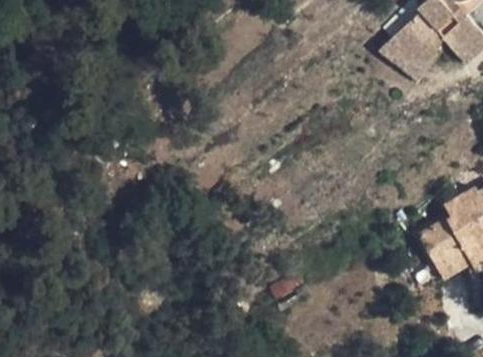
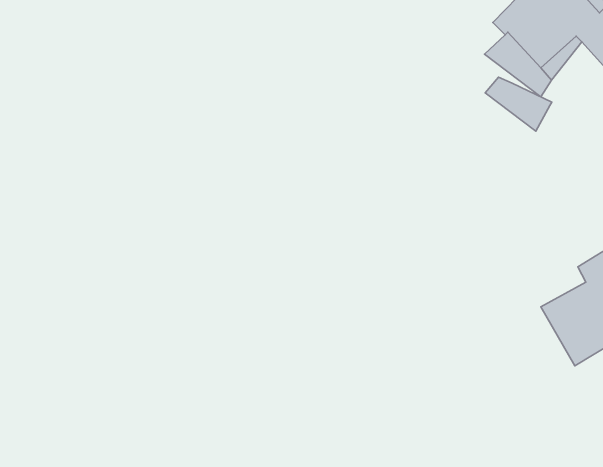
building: none -> [485,77,552,131]

